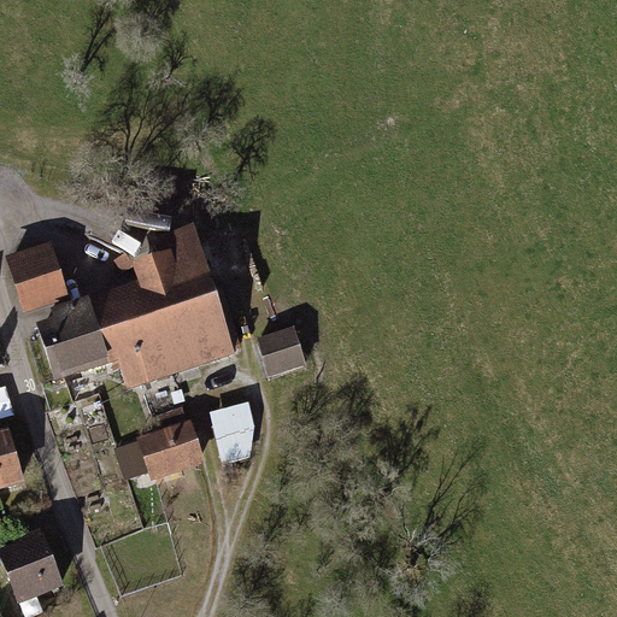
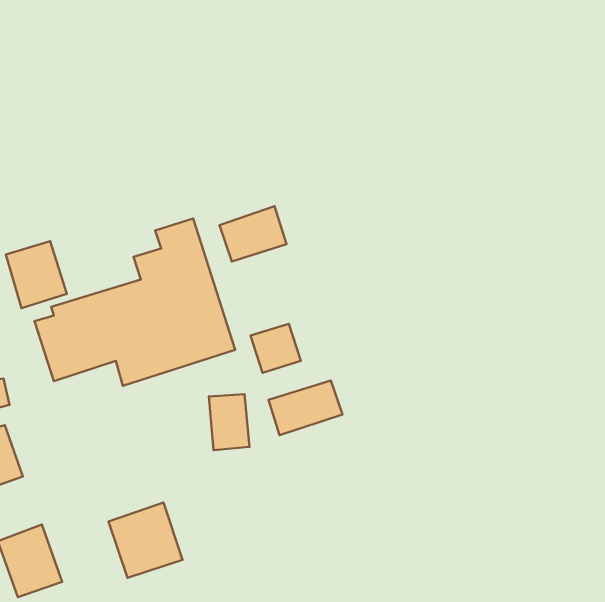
building: none -> [220,206,286,261]
building: none -> [268,380,342,435]
building: [130,405,205,481] -> [108,503,182,578]

